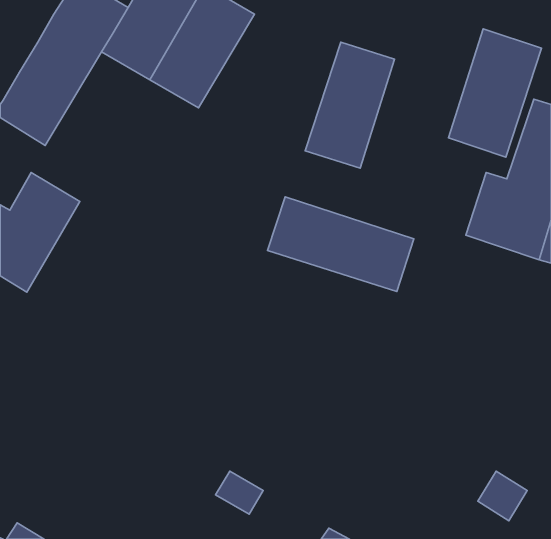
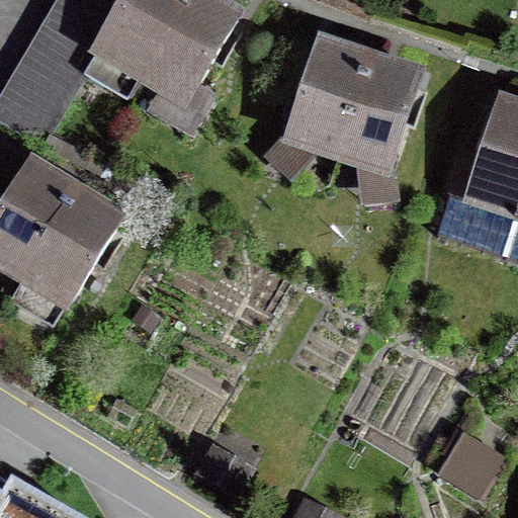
building: [449,29,541,157] -> [338,56,425,176]
building: [268,197,414,292] -> none
building: none -> [25,189,119,299]

